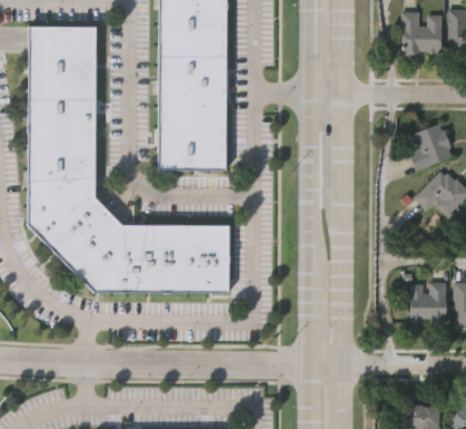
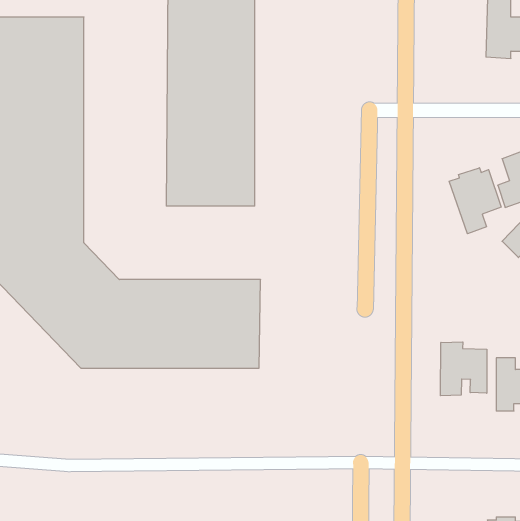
building: none -> [449,168,501,234]
building: none -> [441,342,487,396]

